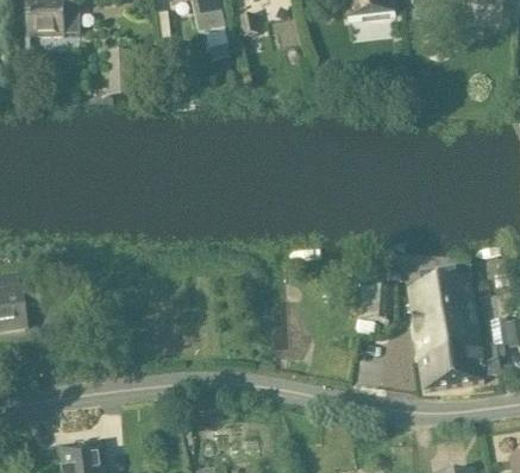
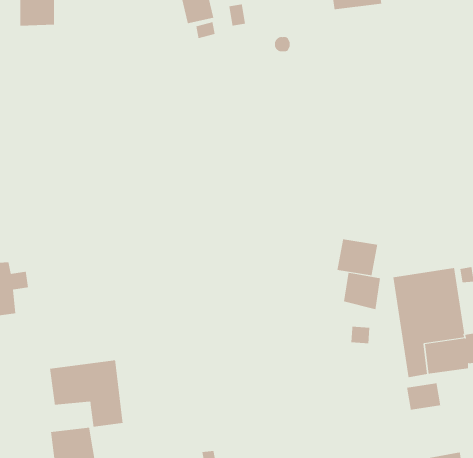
building: none -> [337,238,378,276]
building: none -> [49,360,123,427]
building: none -> [406,383,441,410]

